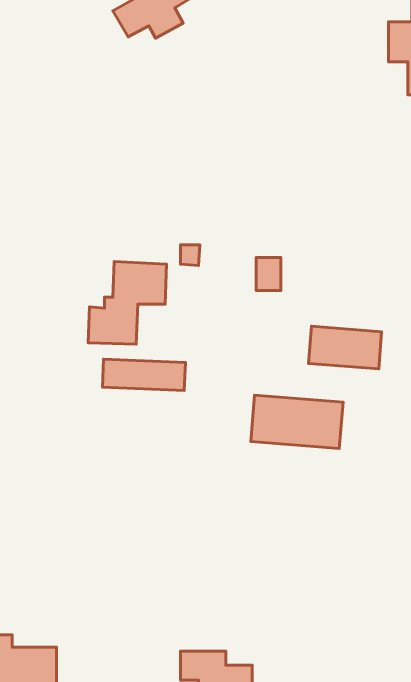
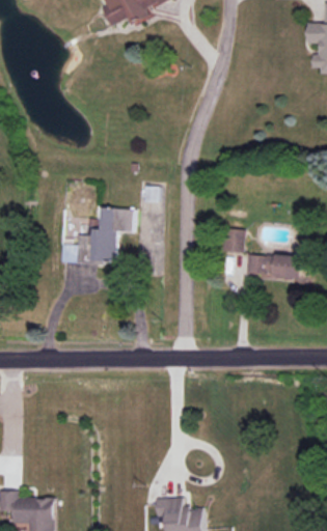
building: [256,257,281,290] -> [226,230,245,255]
building: [102,359,185,390] -> none
building: [251,395,343,448] -> none

